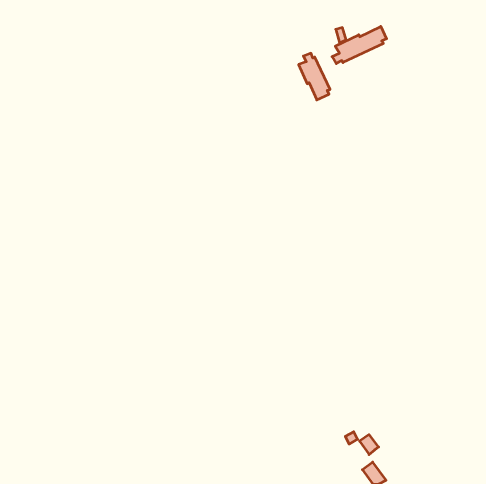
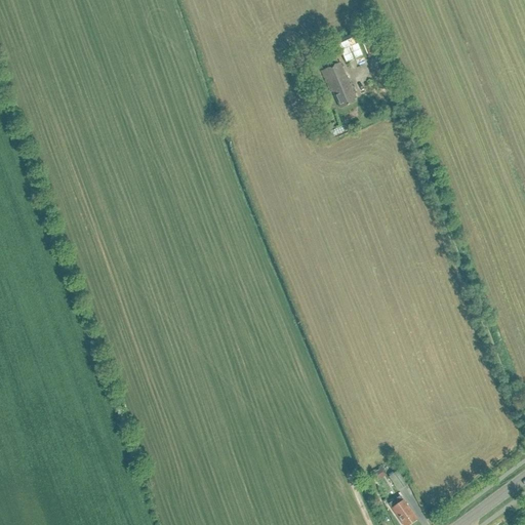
building: [332,26,387,64] -> none

